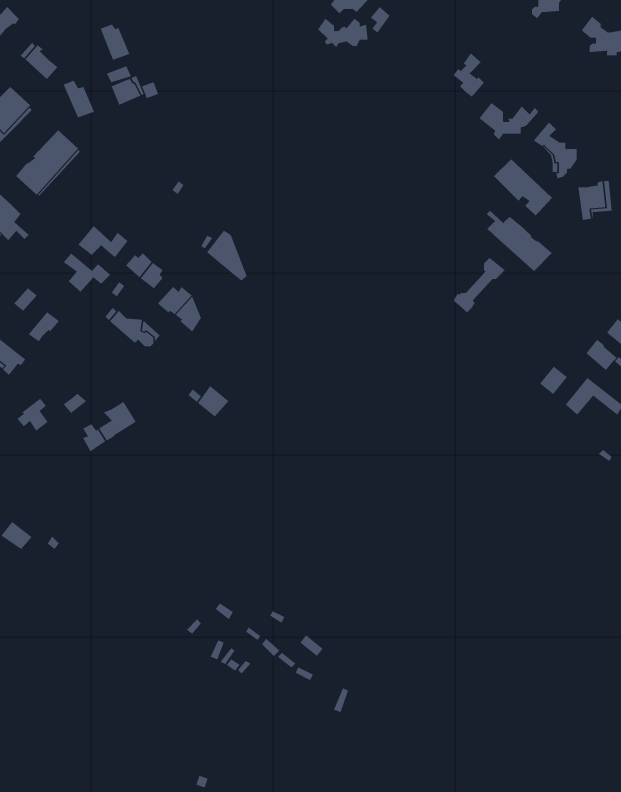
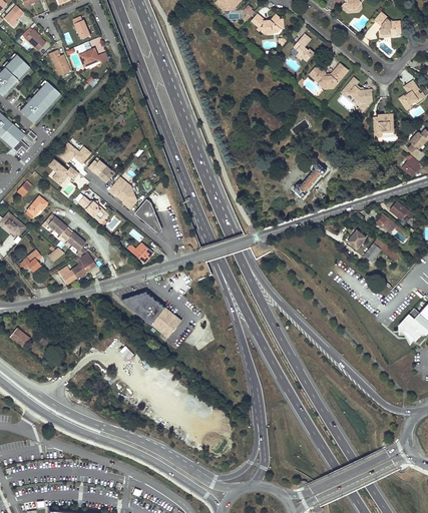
building: [317,18,368,48] -> [253,15,285,34]
building: [493,158,553,217] -> none
building: [486,210,553,272] -> none
building: [206,230,248,281] -> [135,199,161,231]
building: none -> [42,215,86,255]
building: none -> [121,292,182,338]

